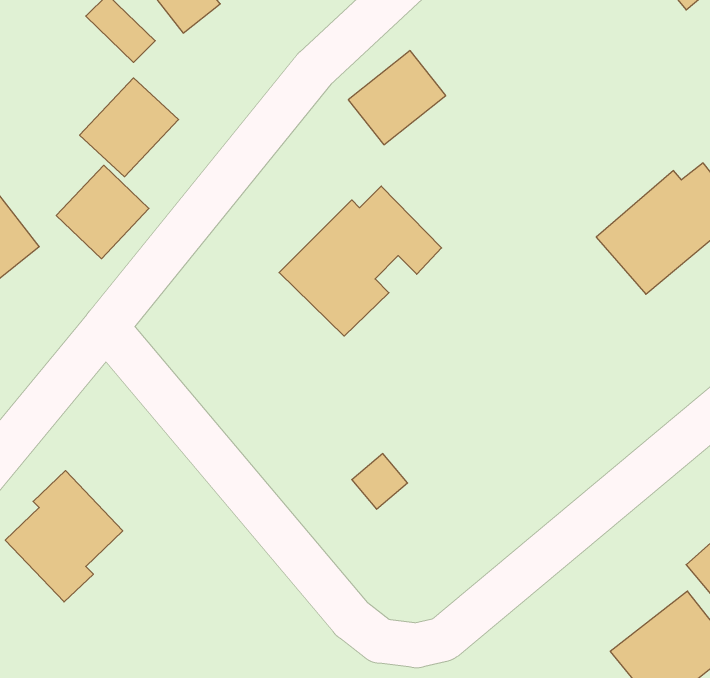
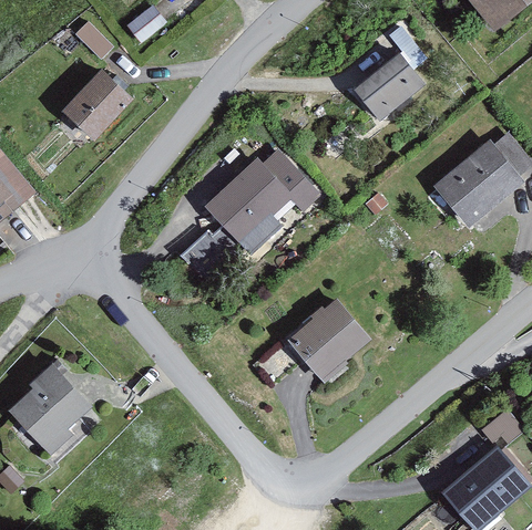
building: [348,51,446,145] -> [356,53,426,121]
building: [56,165,149,259] -> none
building: none -> [288,302,368,381]

